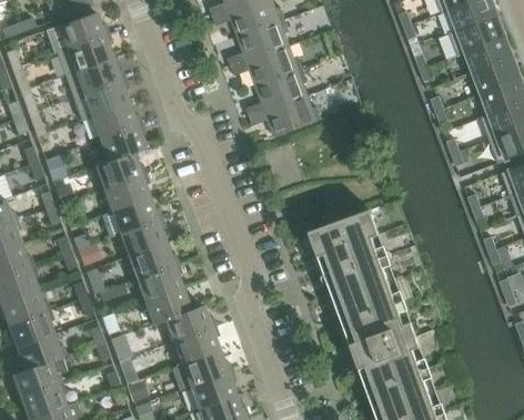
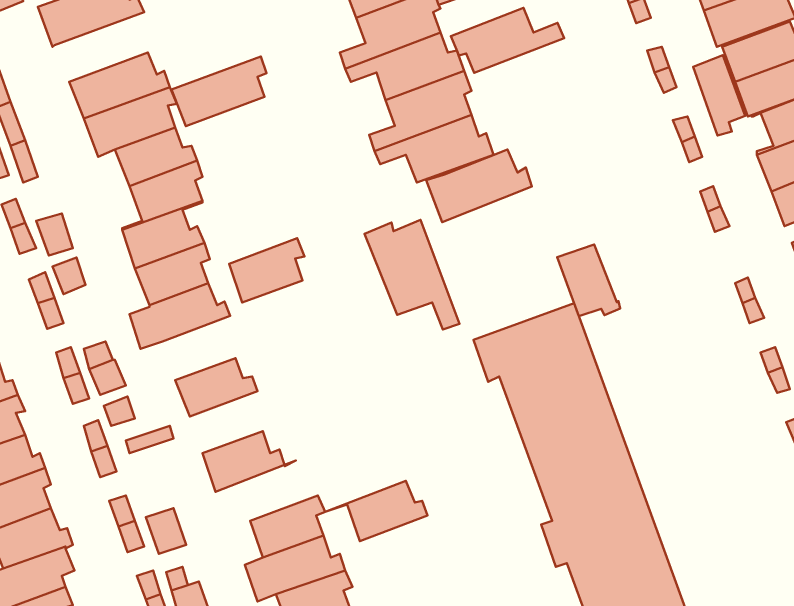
building: none -> [451,8,564,73]
building: [56,33,113,75] -> [171,57,266,126]
building: none -> [693,55,745,135]
building: none -> [426,149,532,222]
building: none -> [365,220,460,330]
building: none -> [557,244,620,316]
building: [121,217,167,256] -> [229,238,304,302]
building: [138,263,182,300] -> none
building: [153,305,215,341] -> [325,481,428,541]

